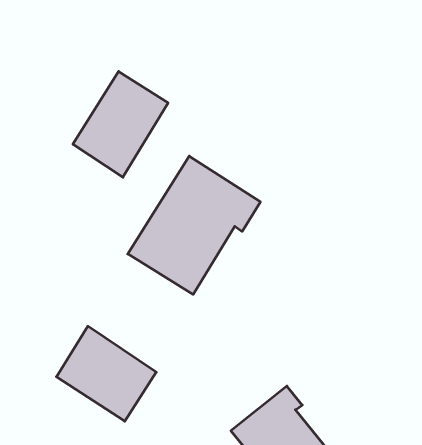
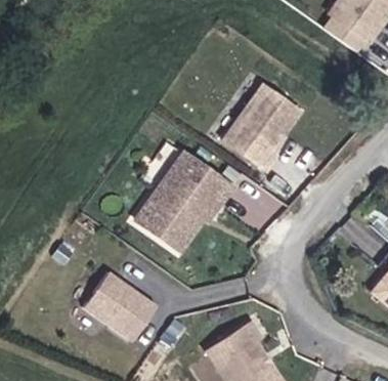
building: none -> [227,87,304,171]
building: [73,71,168,177] -> none

